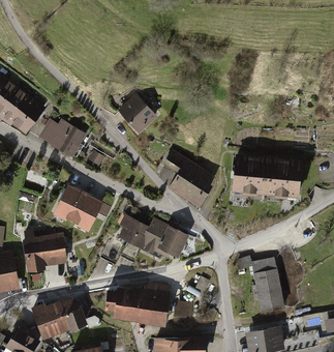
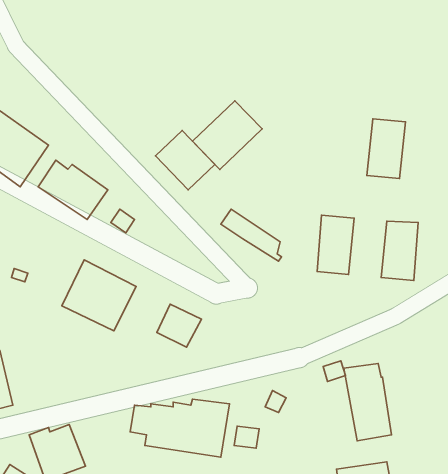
building: none -> [192,101,262,170]
building: [253,157,280,199] -> [367,119,405,178]
building: [170,172,209,205] -> none
building: [140,221,187,259] -> none
building: [23,230,67,274] -> none
building: [59,298,87,330] -> none

